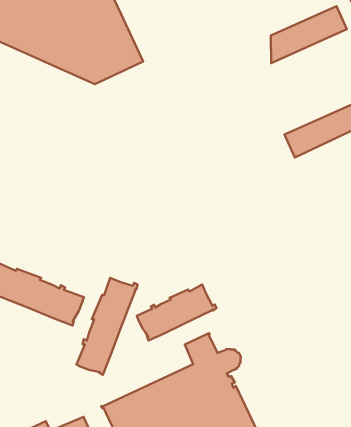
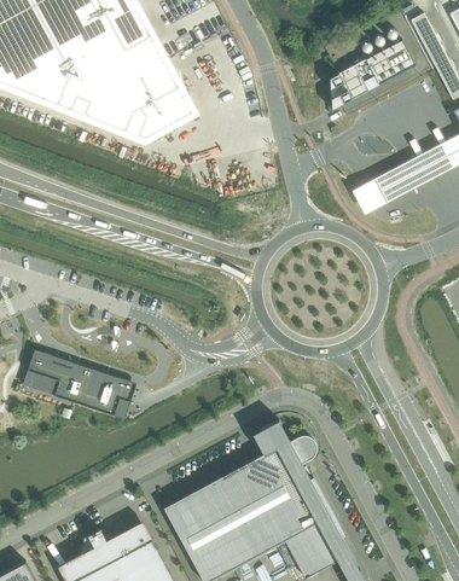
building: [77,278,138,375] -> none
building: [137,285,216,341] -> none

